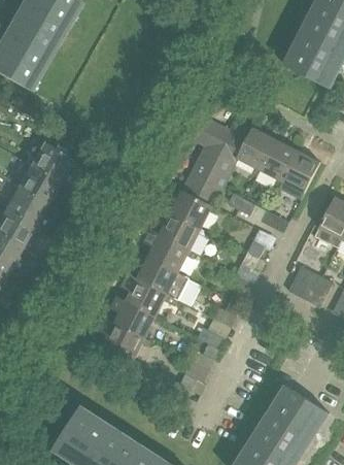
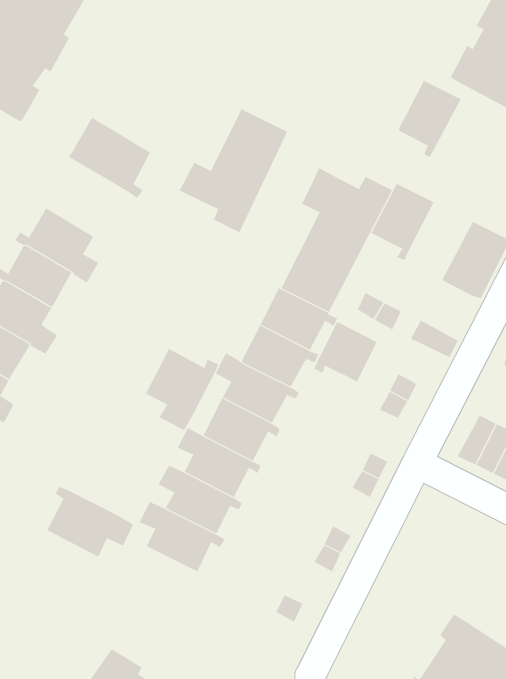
building: none -> [179,108,288,233]
building: none -> [68,117,151,199]
building: [260,139,298,186] -> [397,80,461,158]
building: none -> [314,321,377,382]
building: none -> [145,348,219,431]
building: none -> [47,486,134,557]

